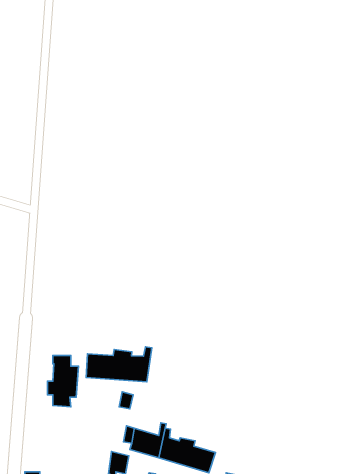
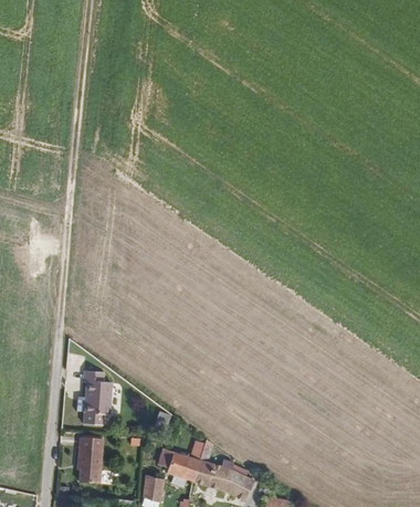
building: [86,347,152,382] -> none
building: none -> [72,437,102,484]

